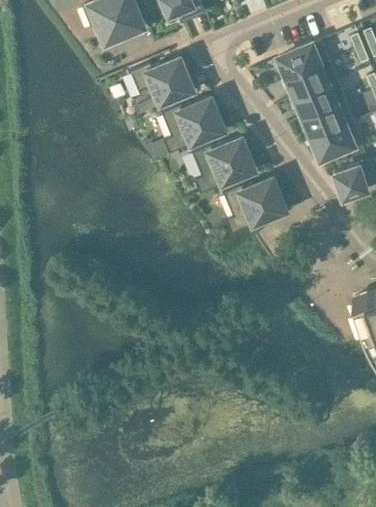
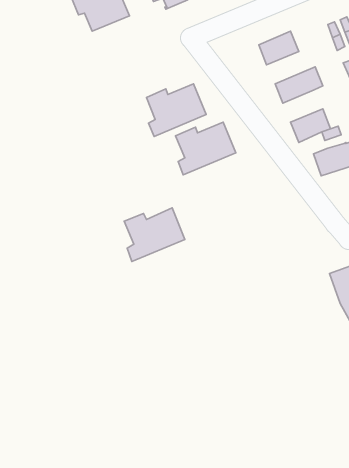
building: [130,58,193,113] -> none
building: [286,60,337,98] -> none
building: [303,104,345,138] -> none
building: [222,177,285,233] -> [124,208,185,262]

